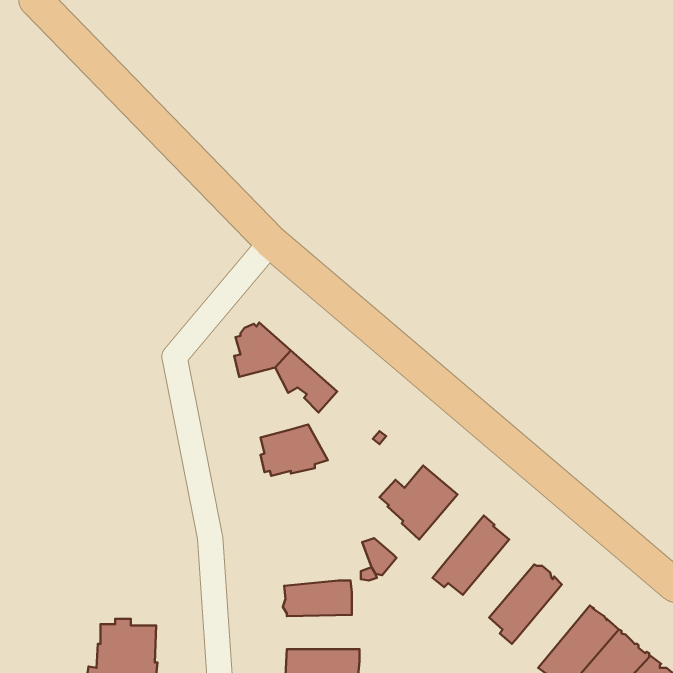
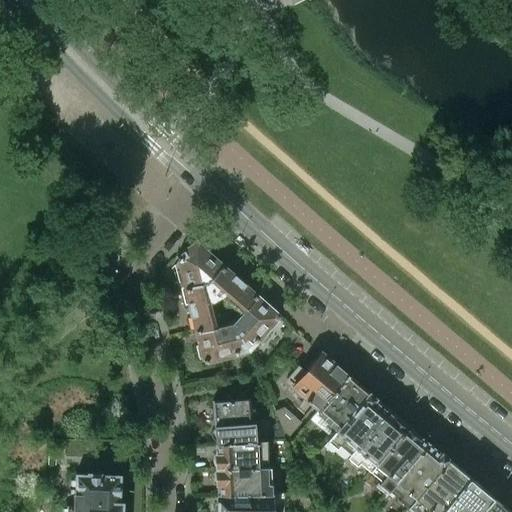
building: none -> [183,280,221,333]
building: none -> [235,298,280,351]
building: none -> [319,376,368,427]
building: none -> [213,399,258,445]
building: none -> [349,410,406,469]
building: none -> [392,444,448,507]
building: none -> [217,467,278,493]

